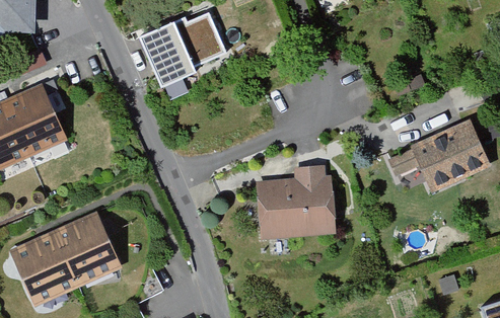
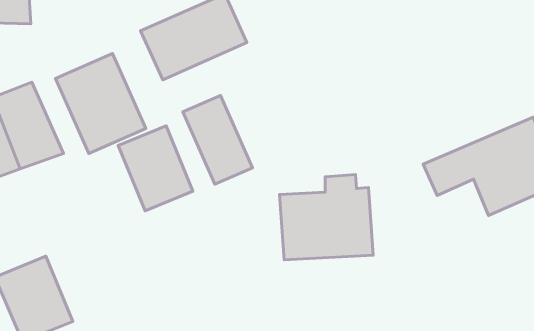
building: none -> [55,53,146,153]
building: none -> [183,95,253,184]
building: [54,217,119,291] -> [118,126,193,211]

